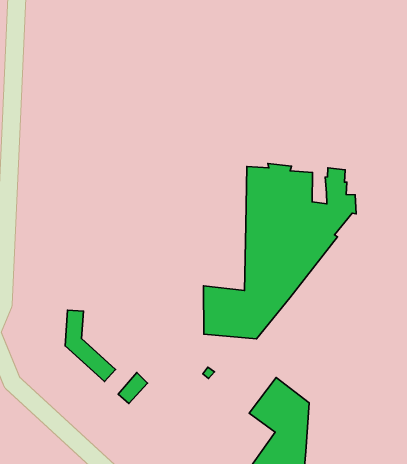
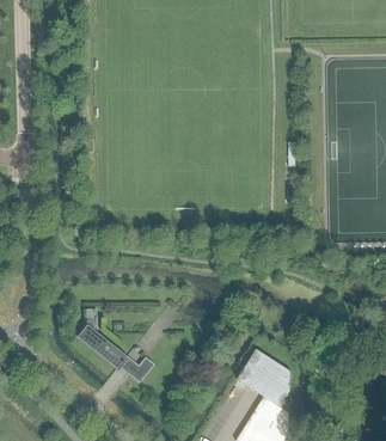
building: [203,164,356,339] -> none

